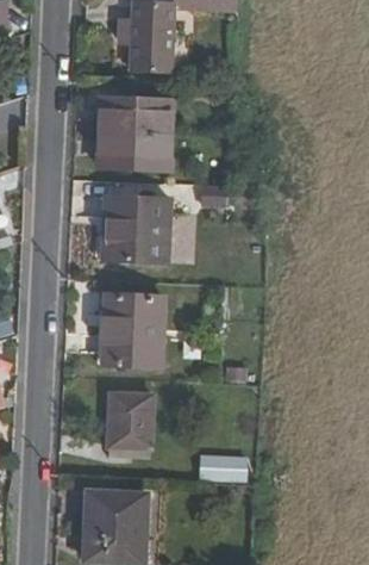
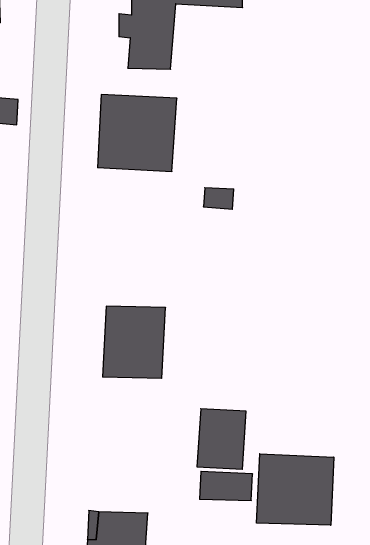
building: [102,194,170,262] -> none
building: [108,395,155,452] -> [197,409,246,469]
building: none -> [257,454,334,525]

